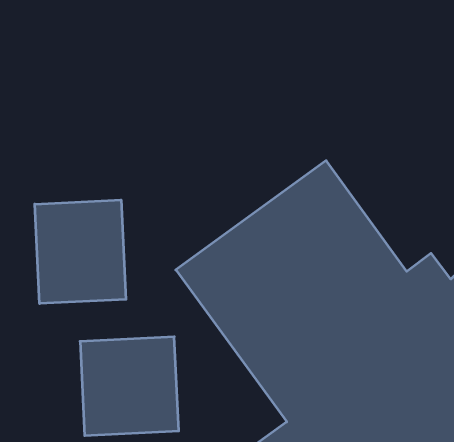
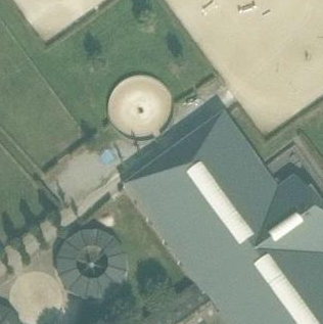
building: [35,200,126,304] -> none

